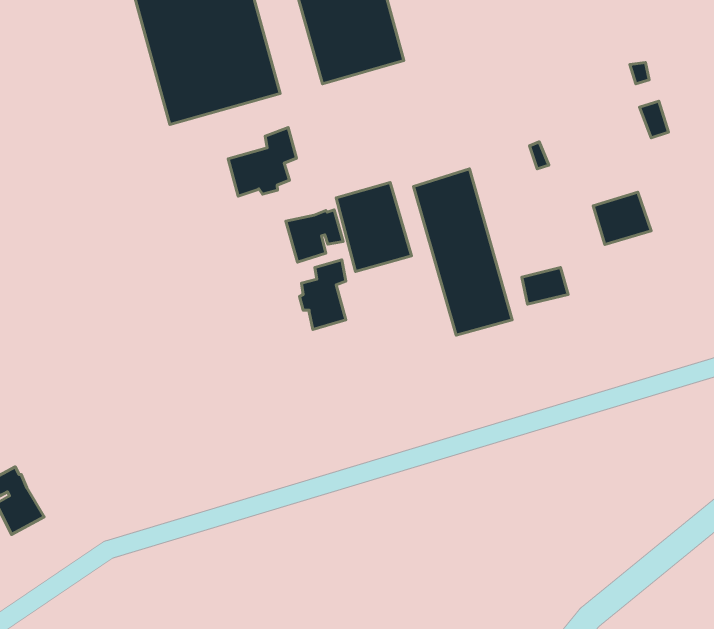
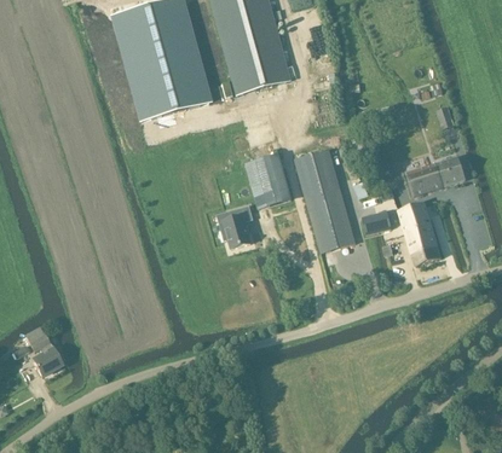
building: [228,127,296,196] -> none
building: none -> [434,155,466,185]
building: [286,210,343,262] -> none
building: none -> [398,202,440,265]

